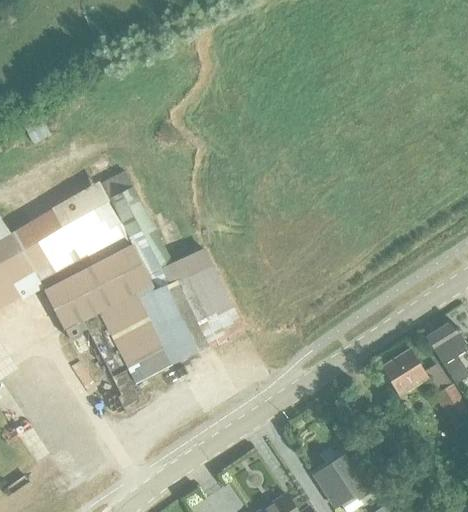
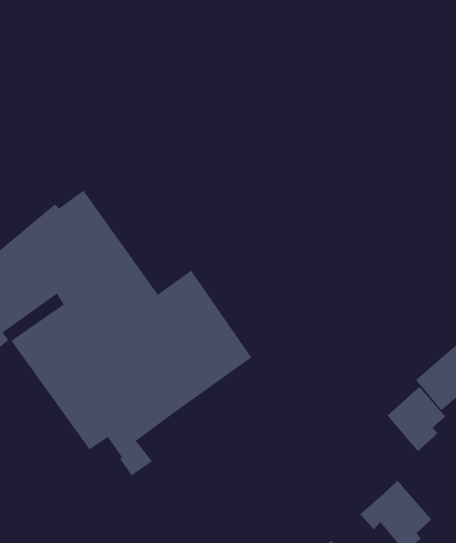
building: none -> [387,386,446,452]

